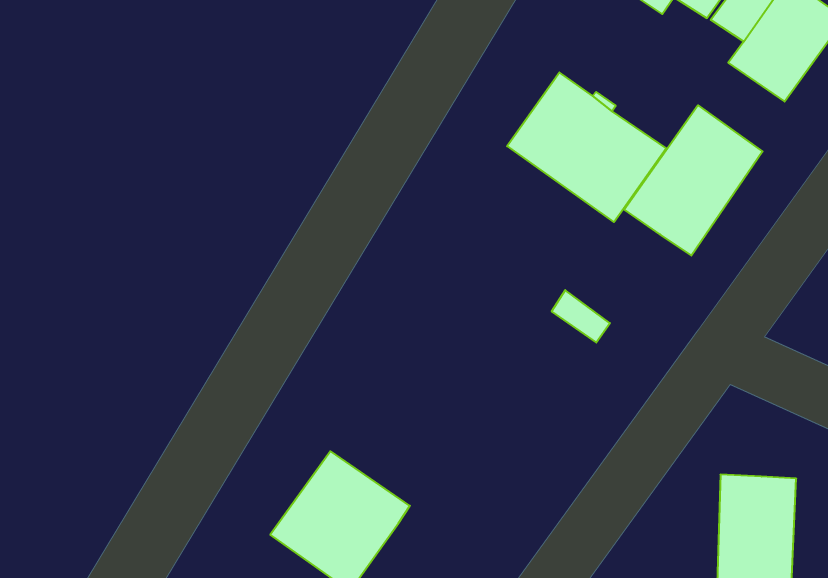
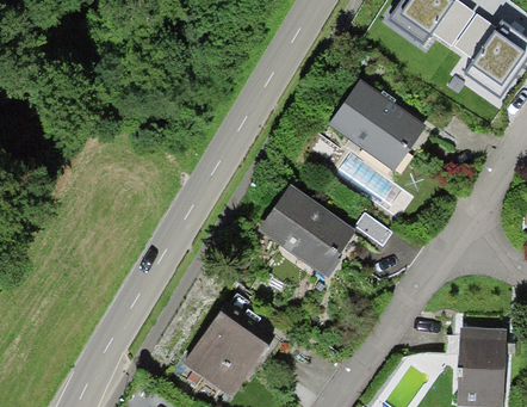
building: [624,105,763,256] -> none
building: none -> [260,184,356,277]

